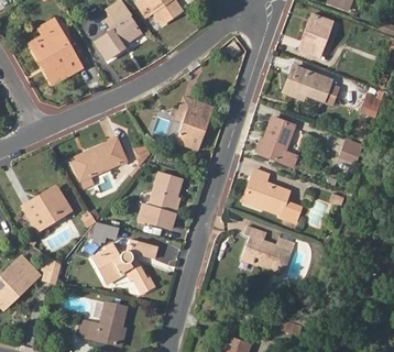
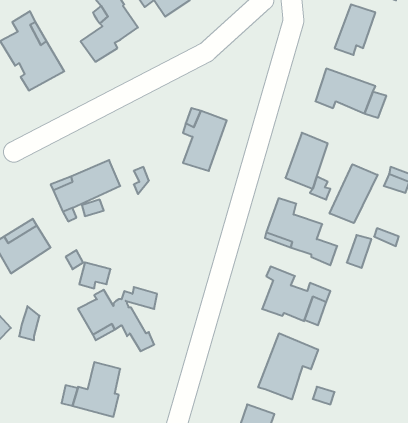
building: none -> [330,164,378,223]
building: [140,170,184,227] -> none
building: none -> [258,333,318,399]

